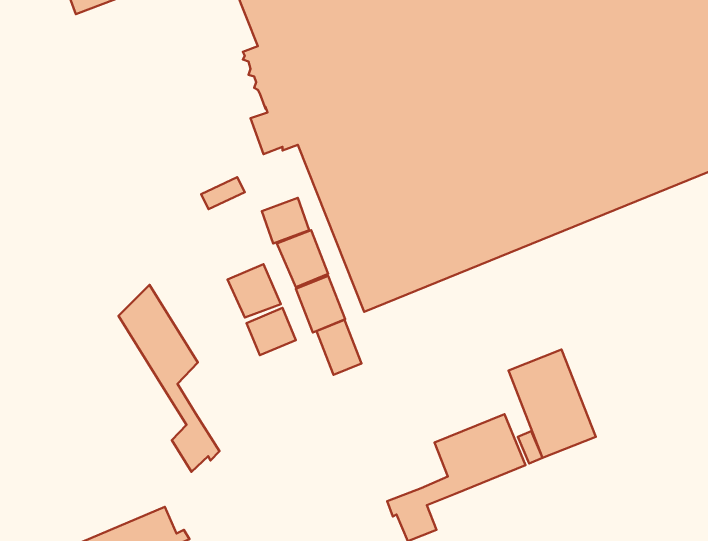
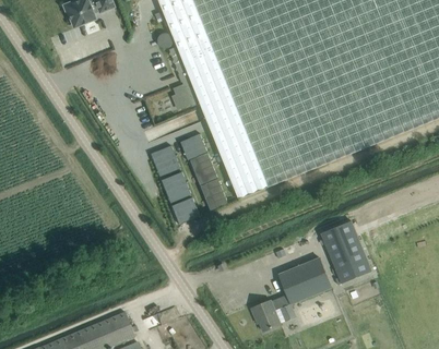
building: none -> [151,145,180,176]
building: [118,285,219,472] -> none
building: [316,320,362,375] -> none

